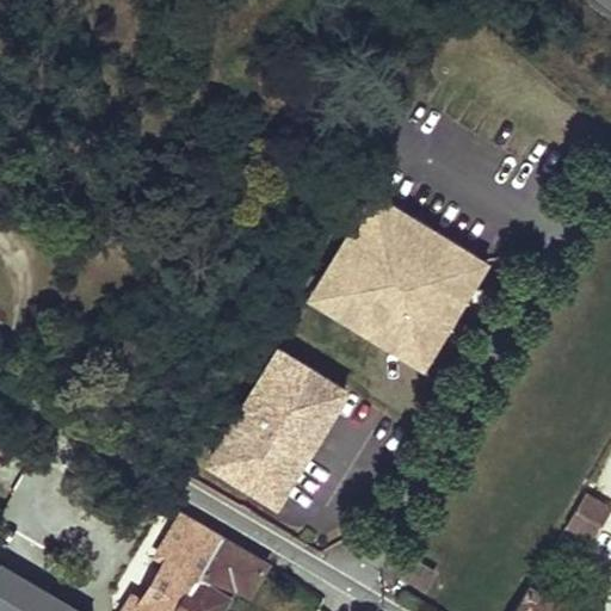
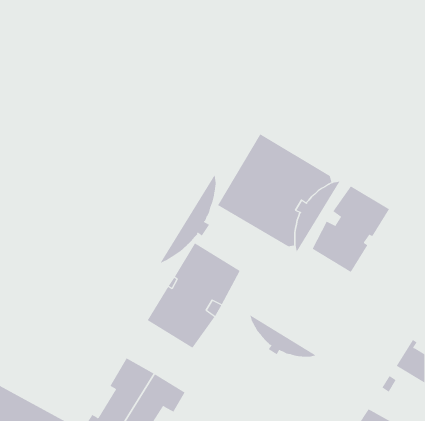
building: none -> [159,174,216,264]
building: none -> [312,185,390,273]
building: none -> [249,314,317,357]

